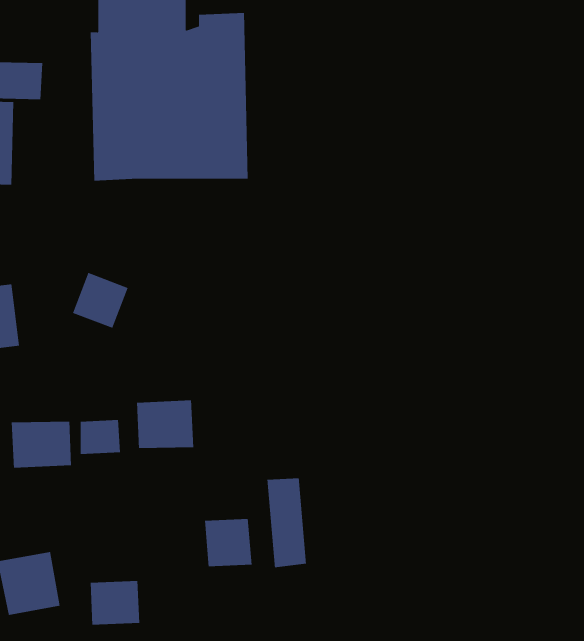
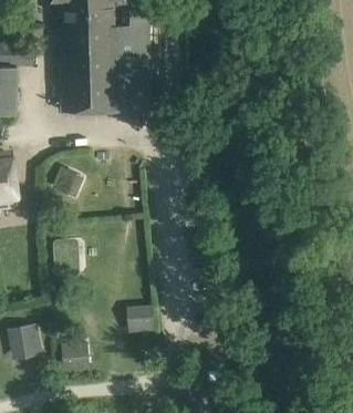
building: [137,400,194,449] -> none
building: [11,421,71,469] -> none
building: [267,477,306,568] -> none

